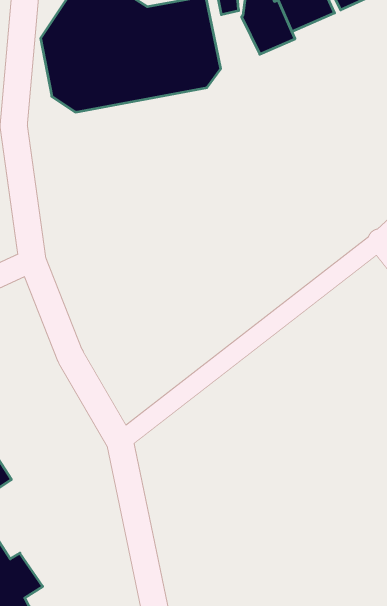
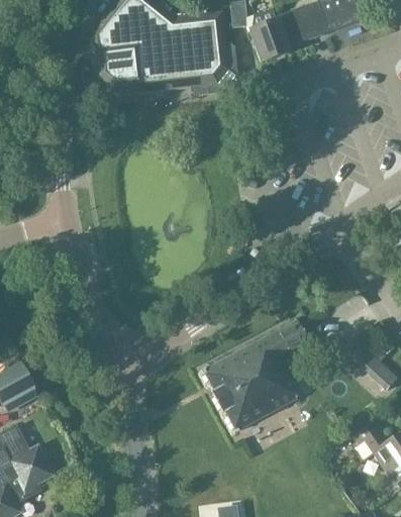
building: none -> [205,319,308,430]

